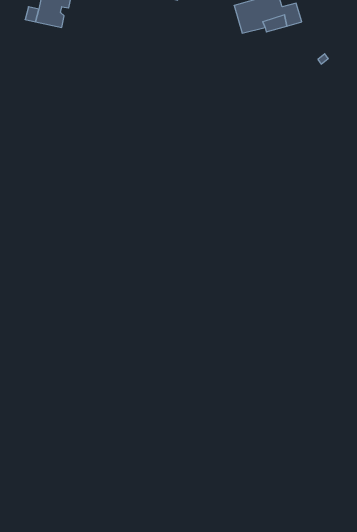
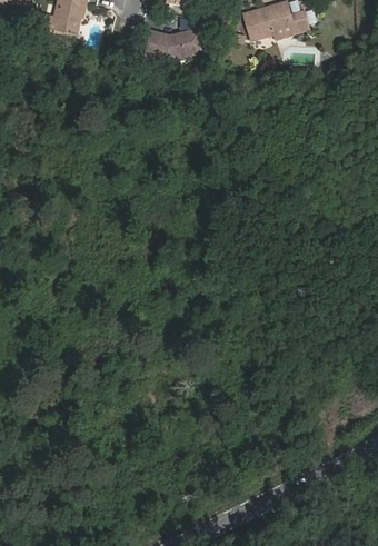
building: none -> [146,28,205,58]

